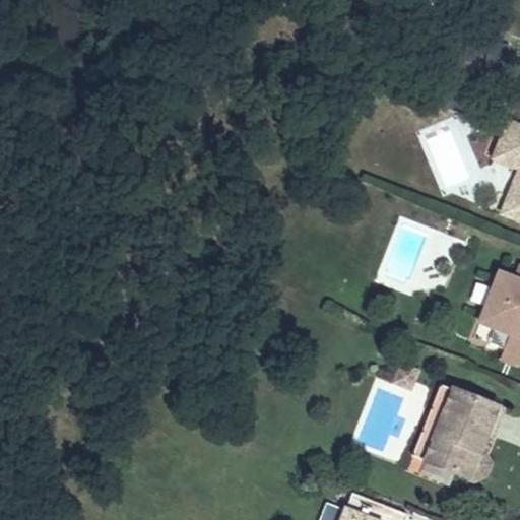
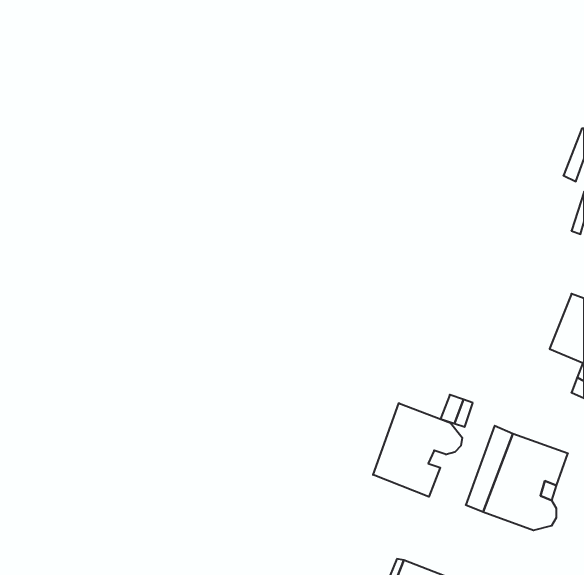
building: none -> [373,403,462,497]

